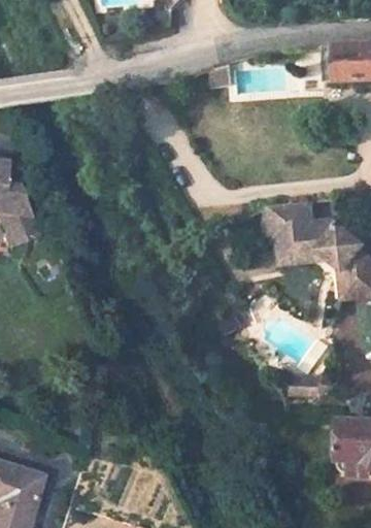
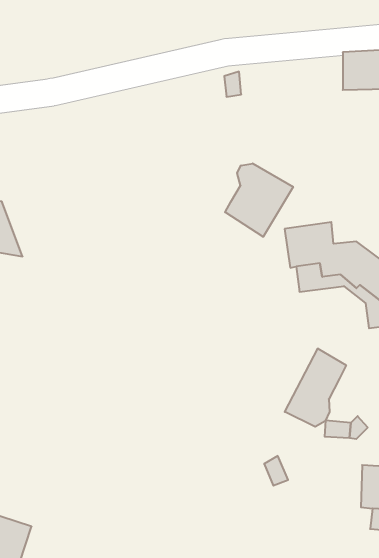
building: none -> [225,163,293,237]
building: none -> [285,348,346,427]

